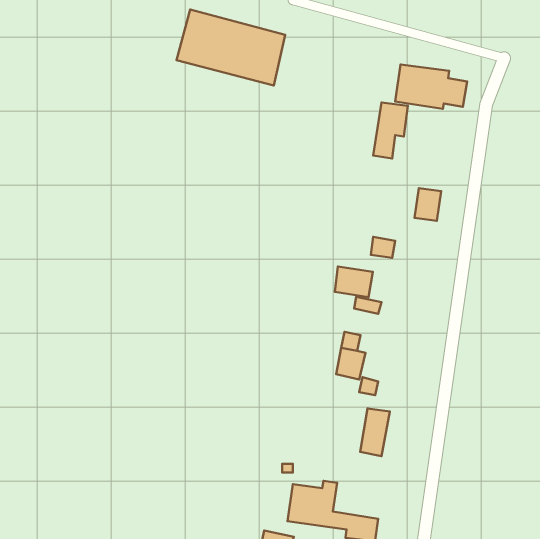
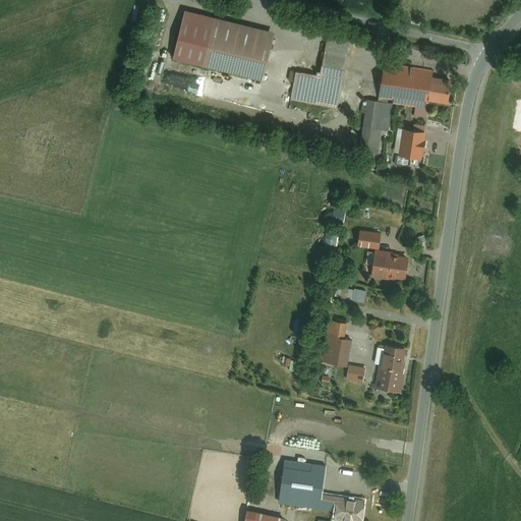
building: none -> [290,36,348,107]
building: [415,188,441,221] -> [399,127,424,159]
building: [335,267,373,297] -> [371,251,408,281]
building: [360,408,390,456] -> [378,345,406,391]

